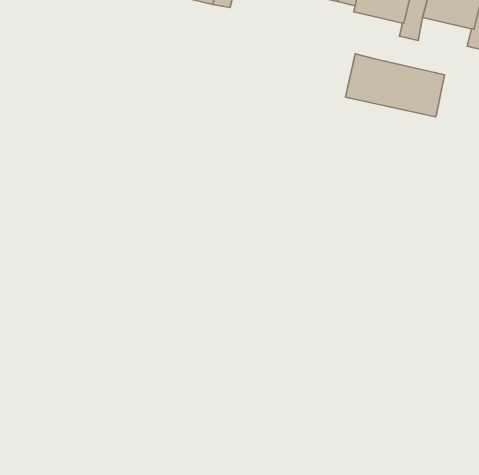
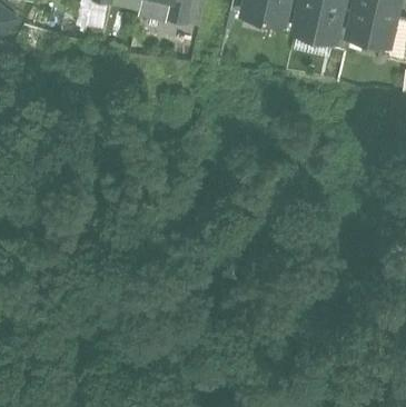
building: [345,54,445,117] -> none

